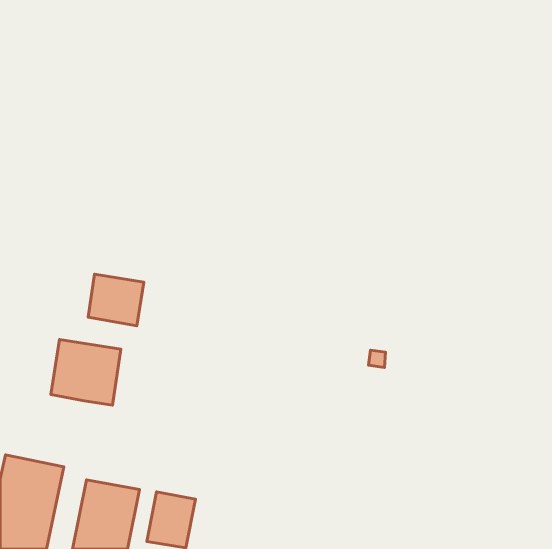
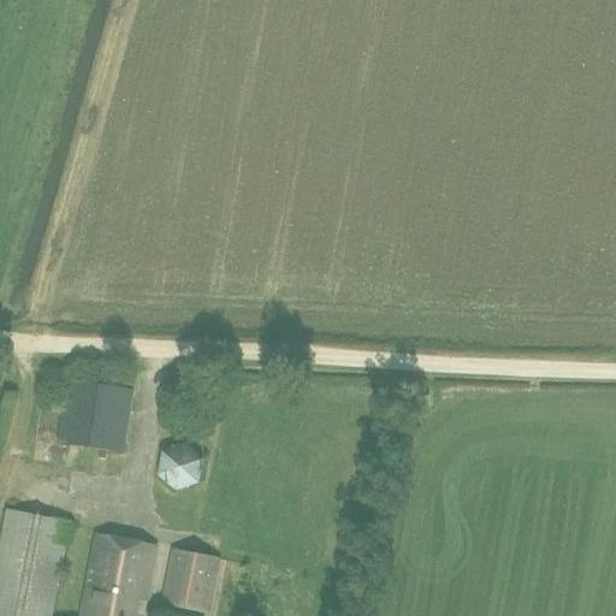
building: [88,274,144,326] -> none
building: none -> [159,450,188,487]

